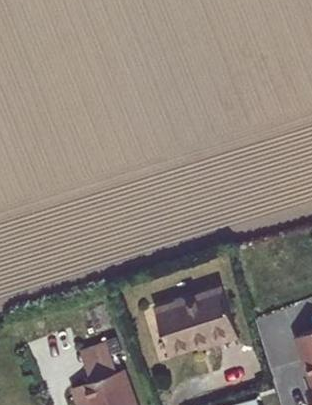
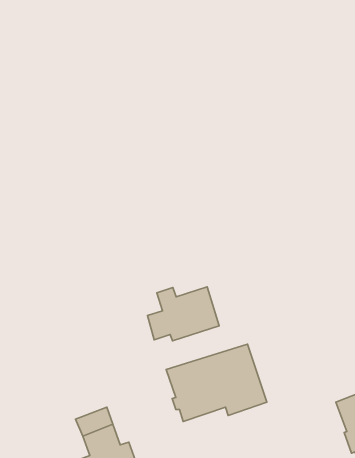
building: none -> [147,287,219,341]

